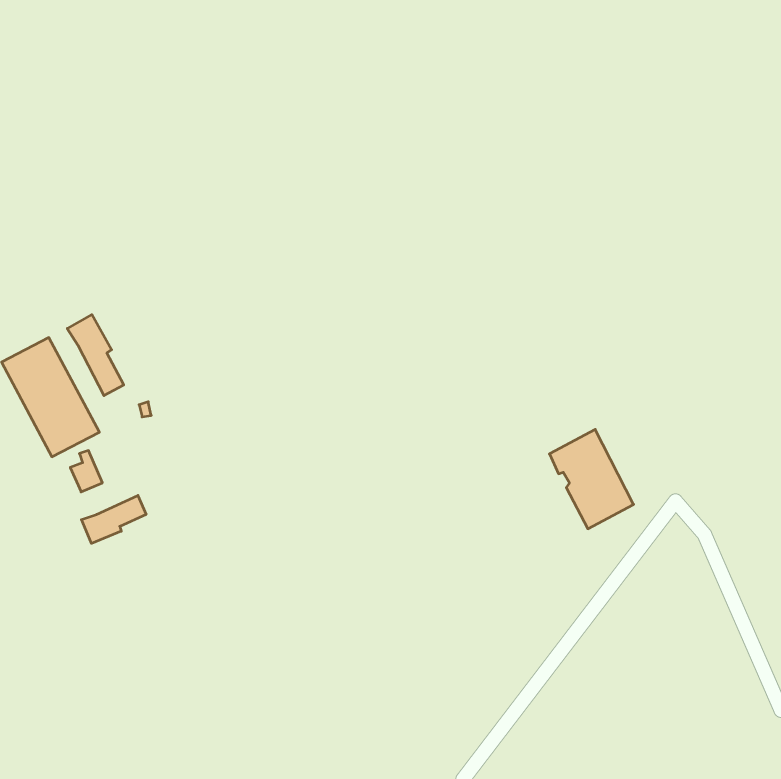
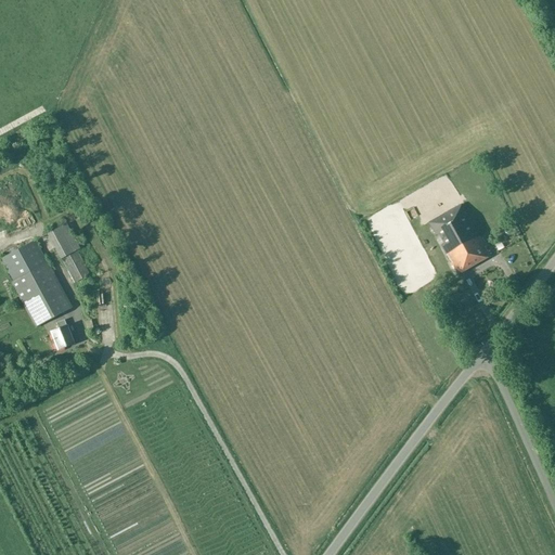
building: [549,429,634,529] -> [430,204,490,274]
building: [81,495,146,543] -> none

